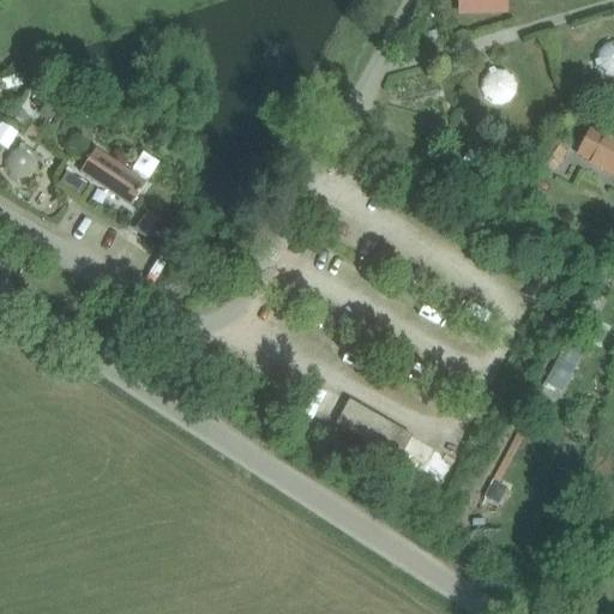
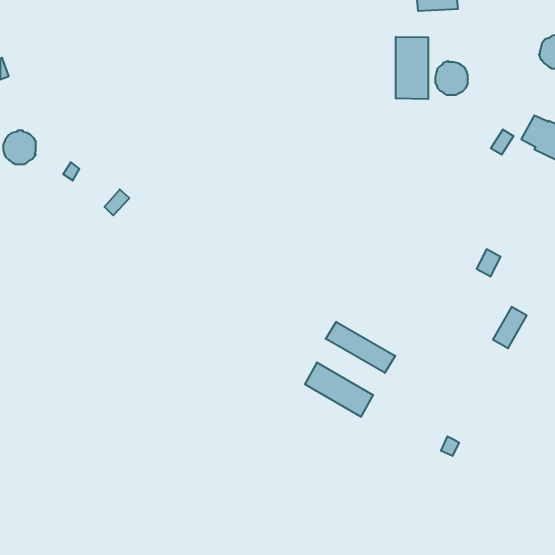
building: none -> [396,37,428,99]
building: [83,150,148,205] -> none
building: none -> [326,322,395,373]

